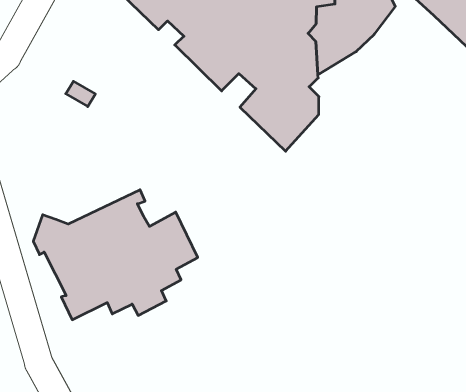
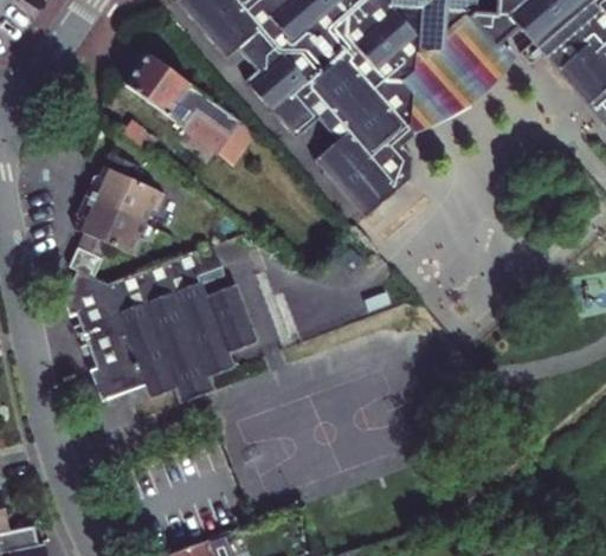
building: none -> [121,51,259,168]
building: none -> [65,148,157,276]

